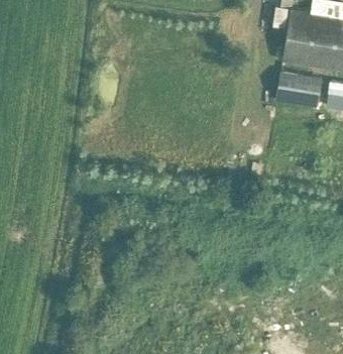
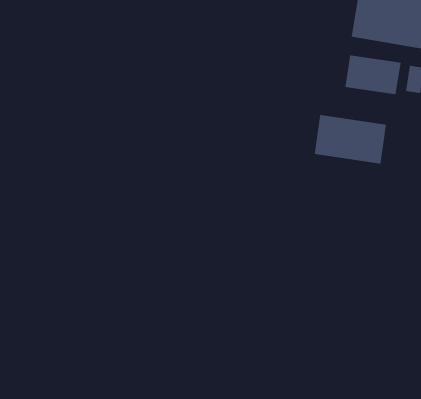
building: none -> [314,114,386,165]

